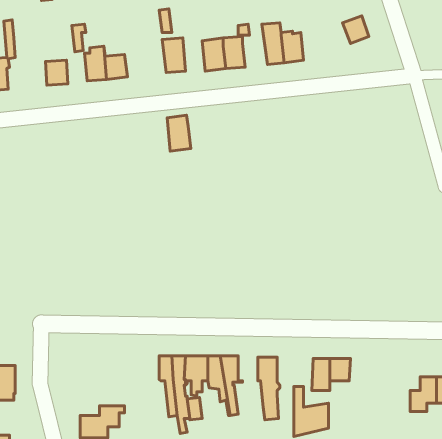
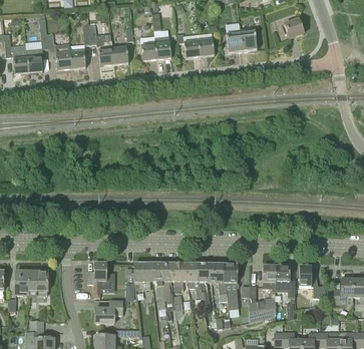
building: none -> [46,32,70,69]
building: [167,115,191,151] -> [139,34,156,60]
building: none -> [87,262,108,296]
building: none -> [133,262,152,289]
building: none -> [209,263,227,301]
building: none -> [298,265,327,304]

